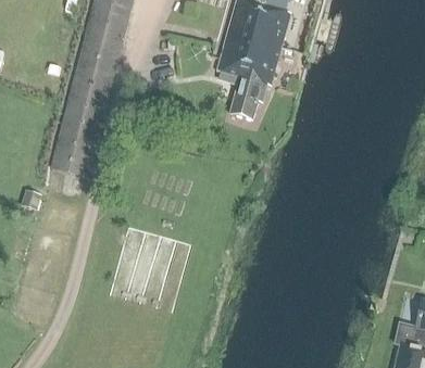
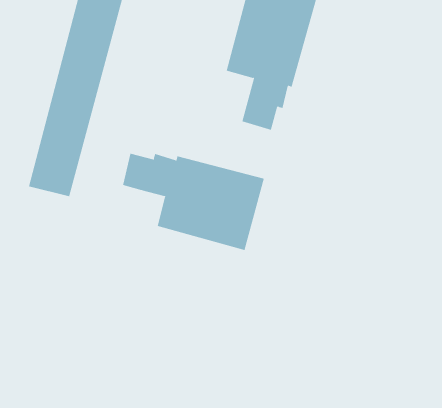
building: none -> [122,153,264,251]

